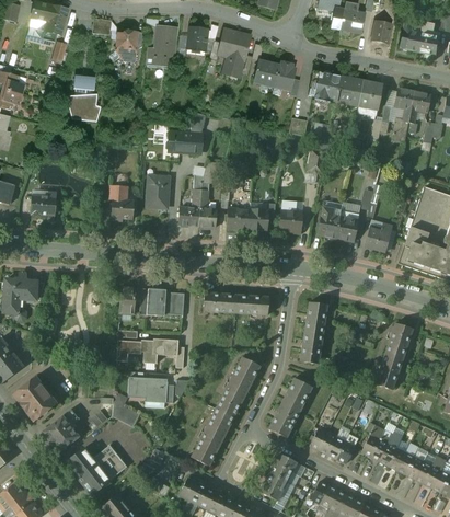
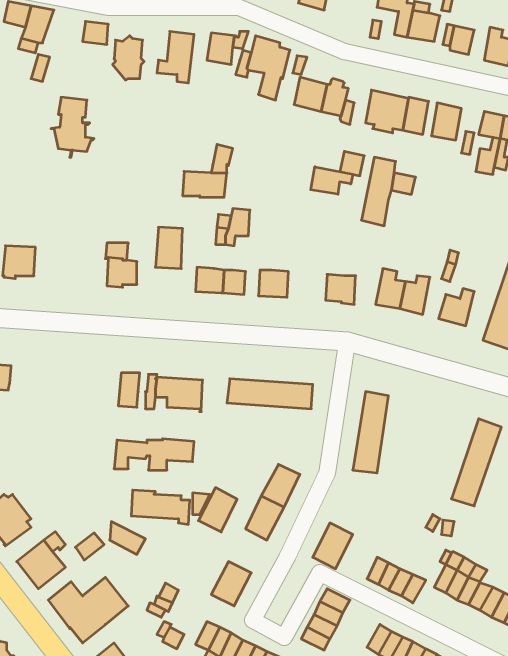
building: none -> [311,167,353,194]
building: [249,203,268,231] -> none
building: [281,378,311,412] -> none
building: [204,407,233,441] -> [198,488,237,532]

